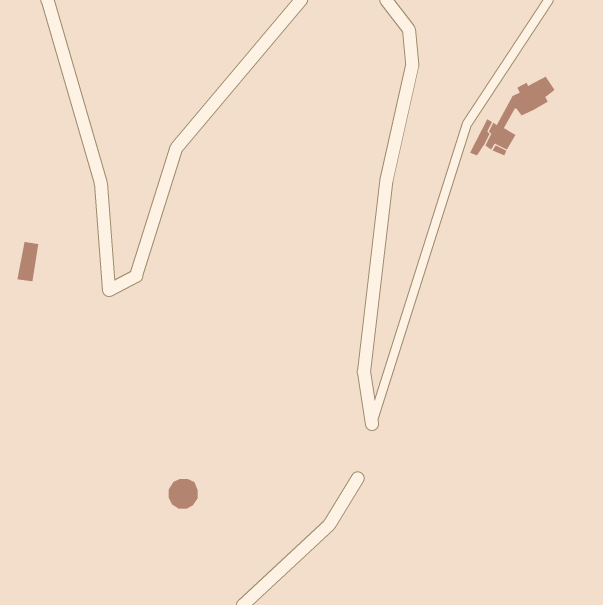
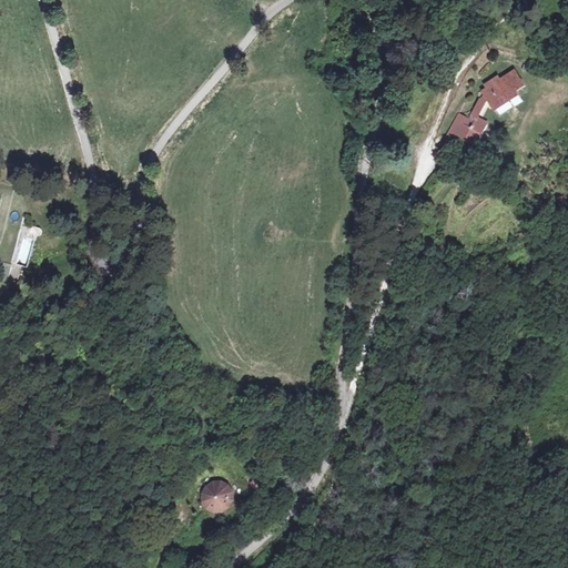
building: [168,478,199,509] -> [206,479,235,508]

